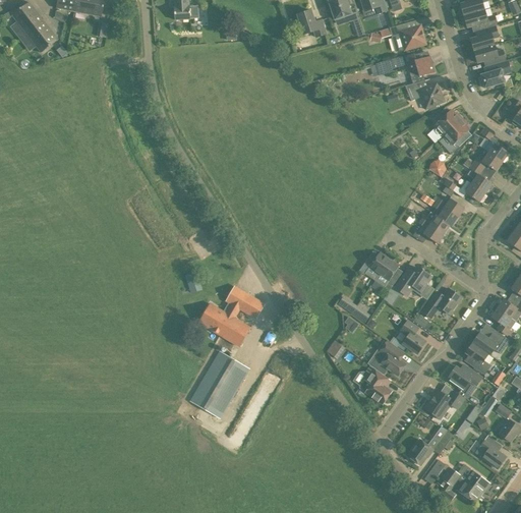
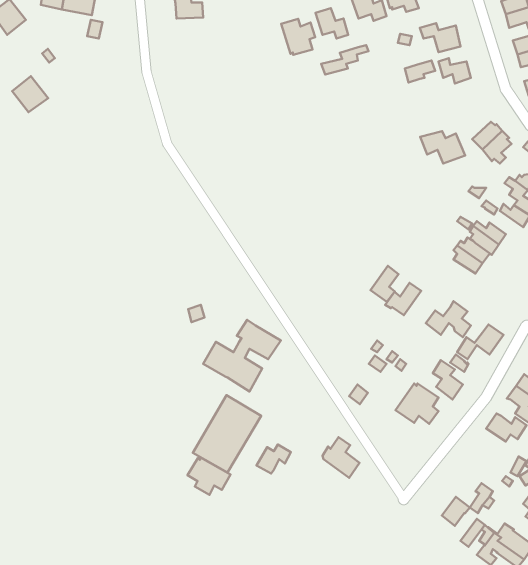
building: none -> [281,19,315,55]
building: [26,19,58,51] -> [12,76,48,112]
building: none -> [321,45,368,75]
building: [405,79,445,108] -> [420,131,465,164]
building: [374,258,399,289] -> [371,266,398,302]
building: [358,367,391,403] -> [322,437,359,478]
building: [426,389,465,417] -> none
building: none -> [256,445,291,474]
building: none -> [187,457,231,495]

